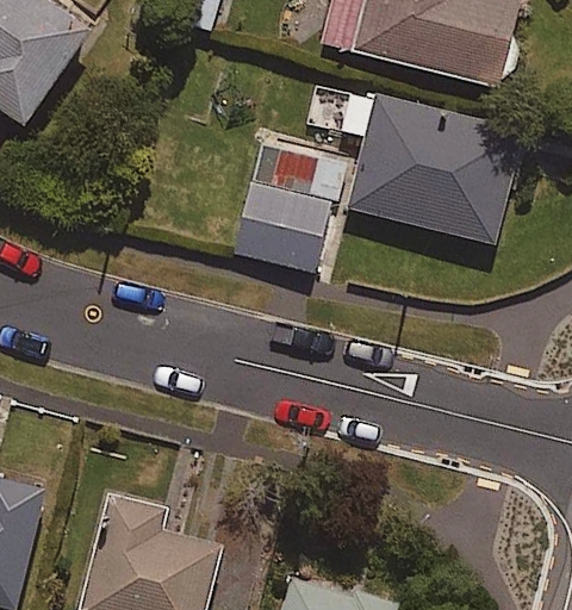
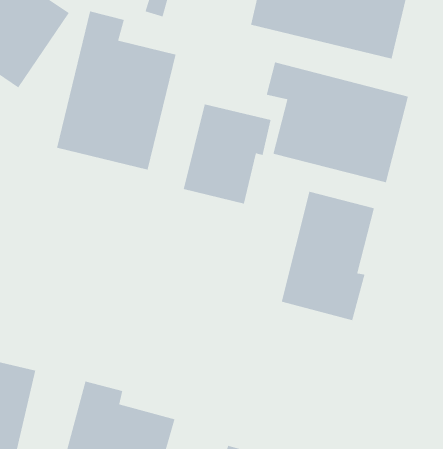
building: none -> [56,11,177,170]
building: none -> [281,191,375,321]

